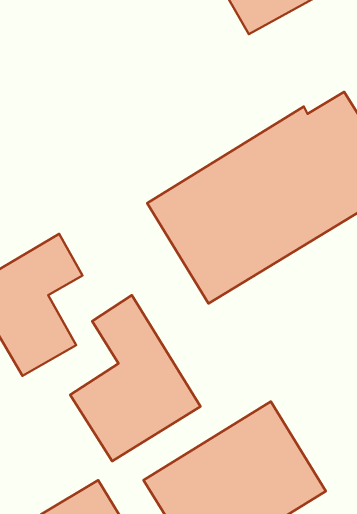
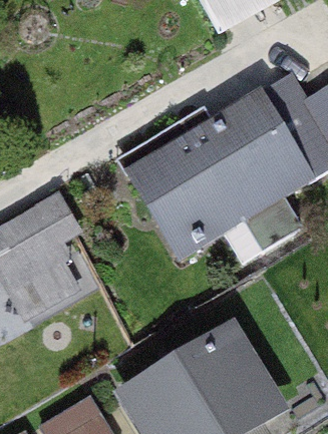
building: [70,295,201,461] -> none

